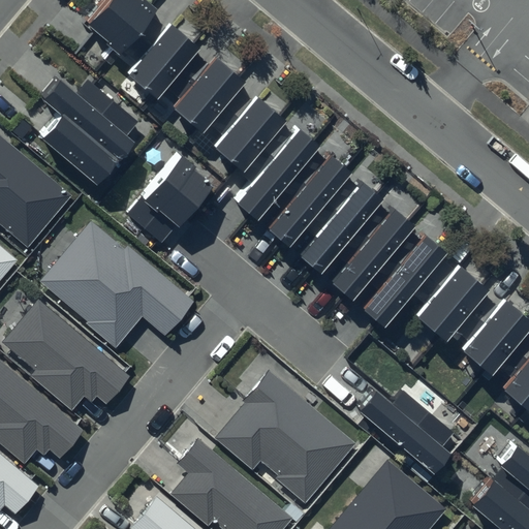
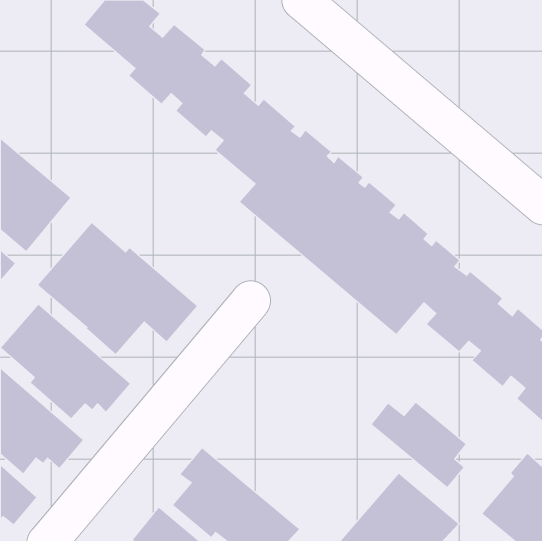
building: [36,77,138,189] -> none
building: [126,154,213,245] -> none
building: [212,371,357,505] -> none

